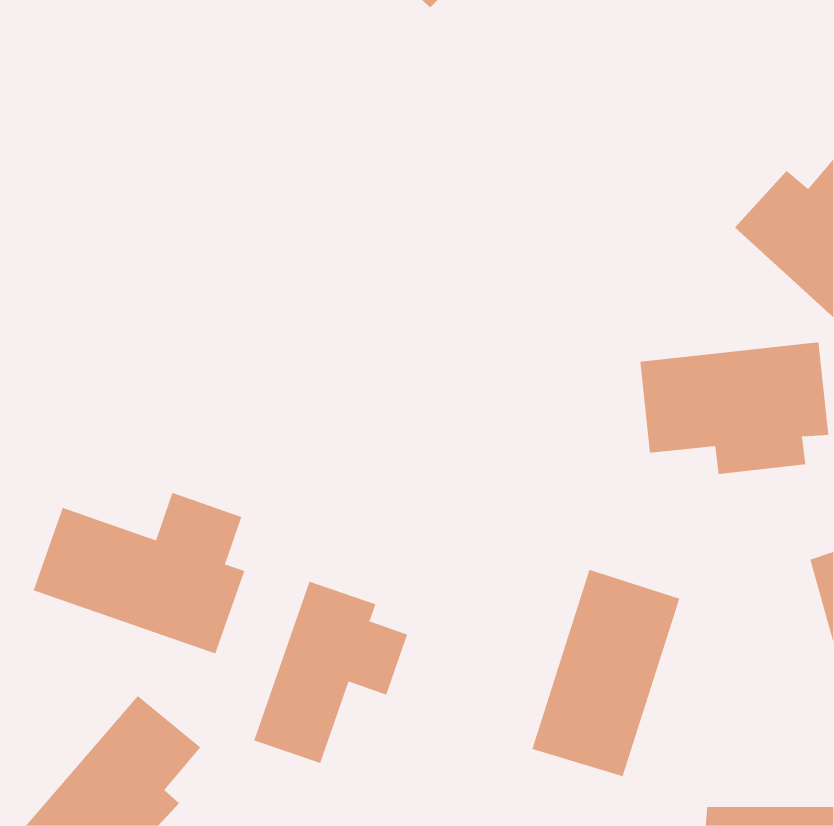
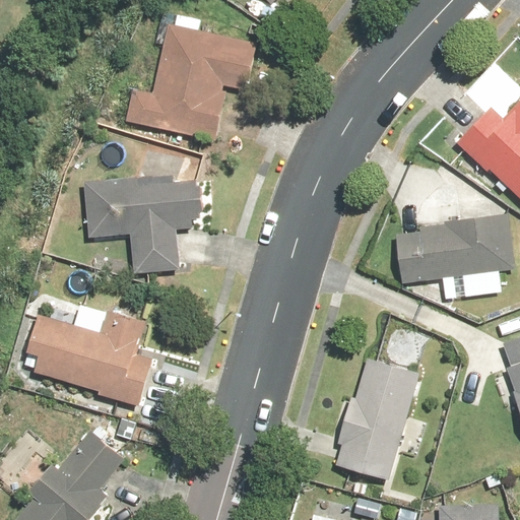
building: none -> [125,24,259,141]
building: none -> [85,181,203,271]
building: [254,581,408,764] -> none

